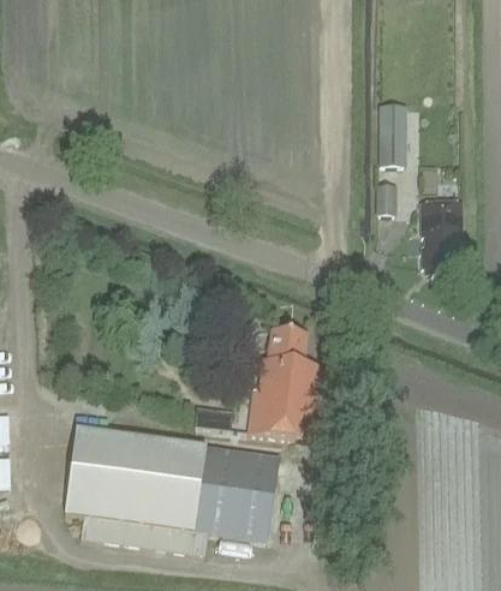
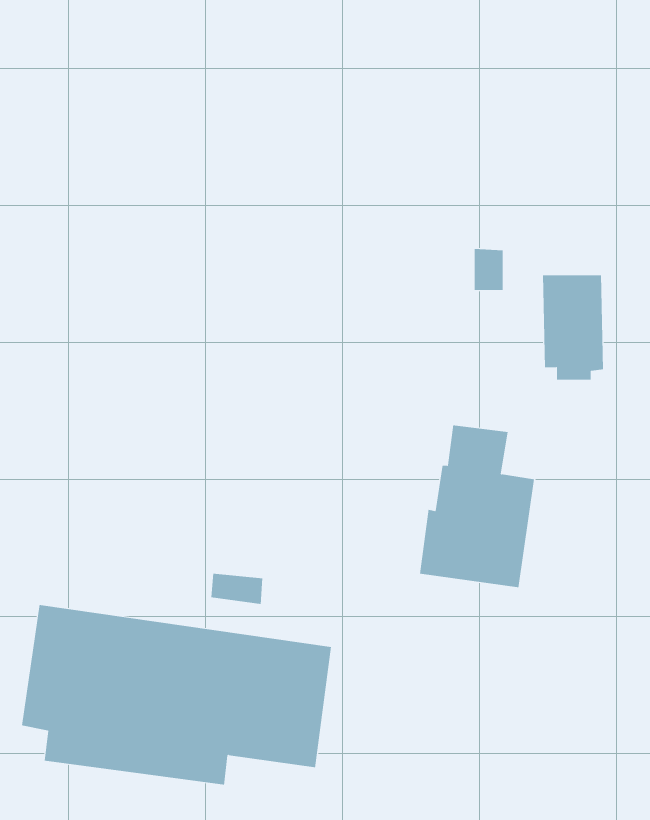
building: [376,102,404,162] -> none
building: [247,329,327,441] -> [419,425,535,588]

